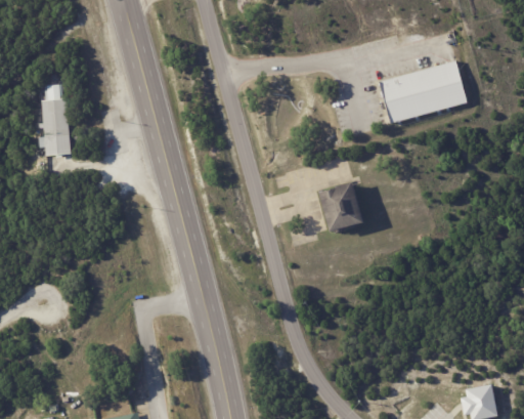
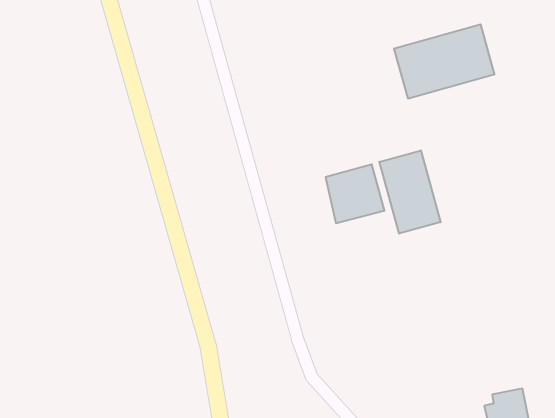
building: [38,84,71,157] -> none
building: none -> [379,150,441,234]

